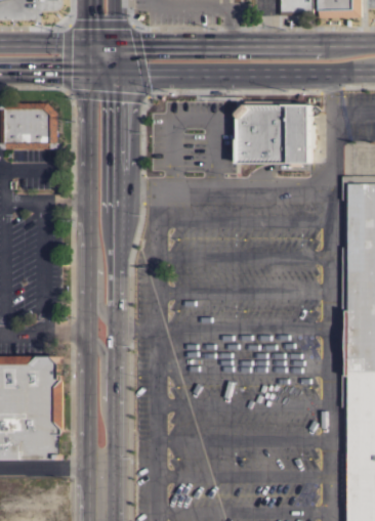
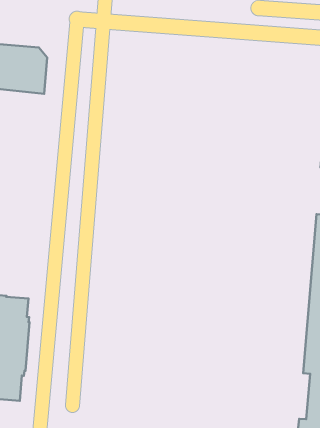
building: [237,103,311,168] -> none

